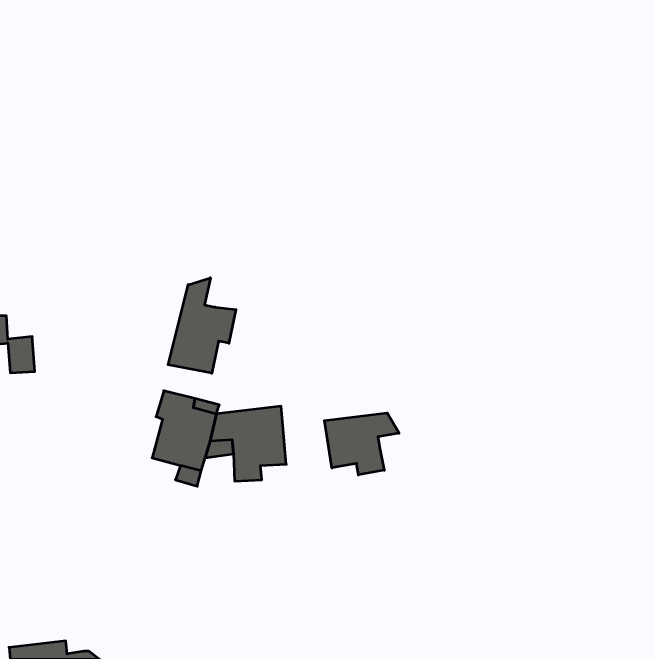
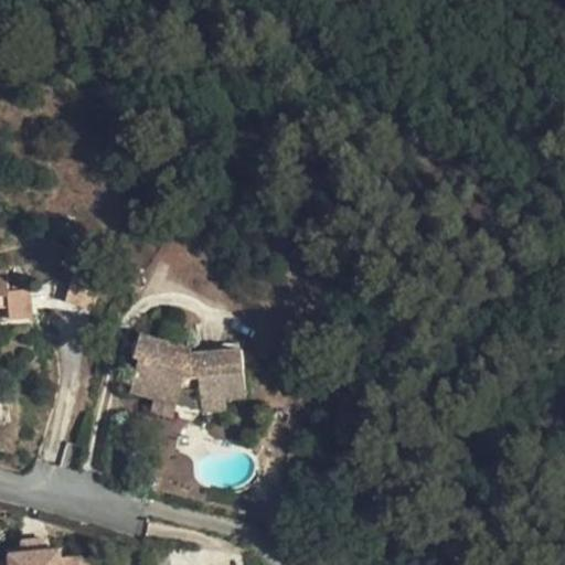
building: [168,278,236,373] -> none
building: [324,413,399,475] -> none

